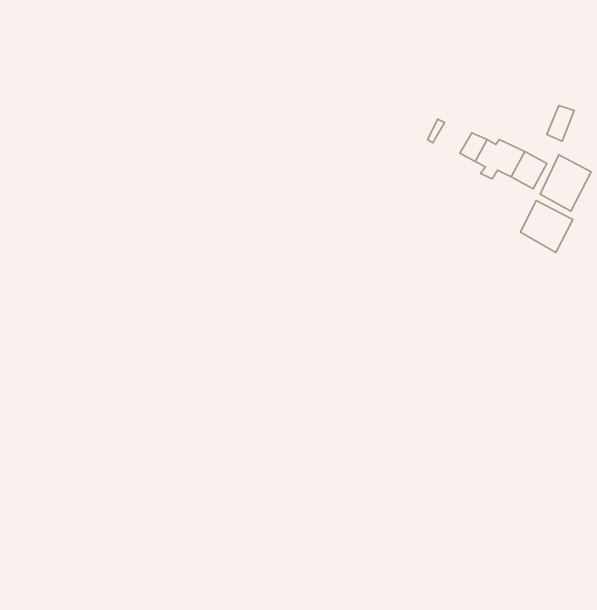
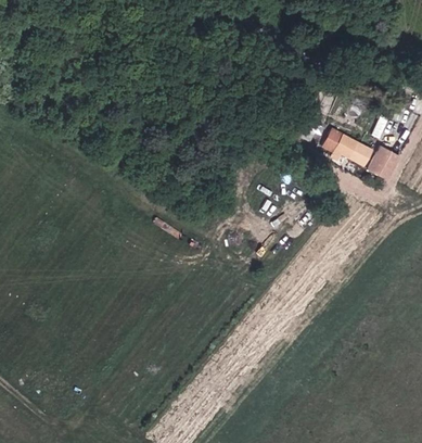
building: [521,200,573,252] -> none

